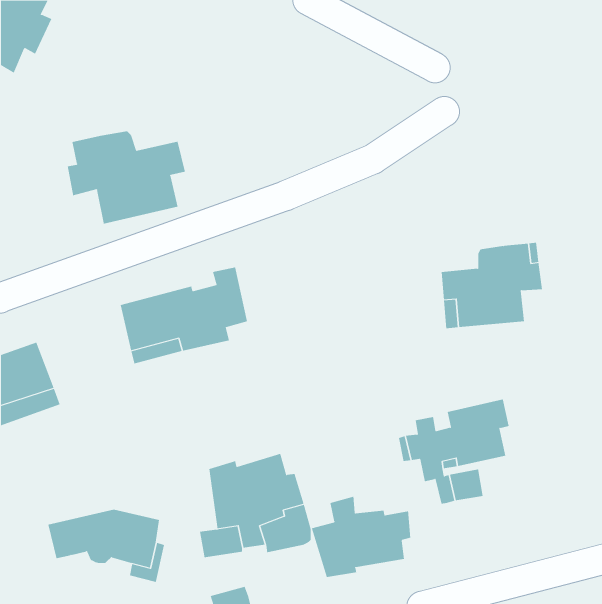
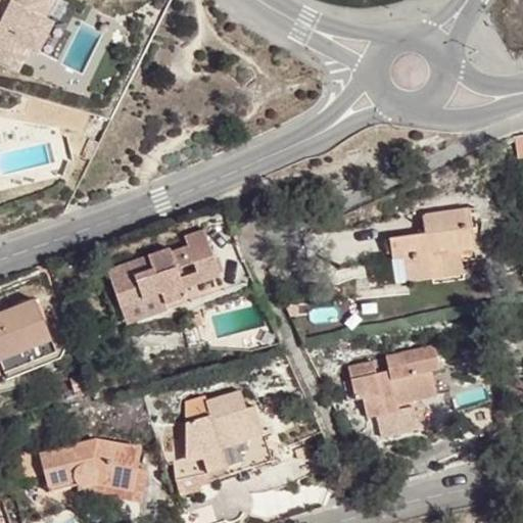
building: [67,131,185,224] -> none
building: [311,496,411,578] -> none

